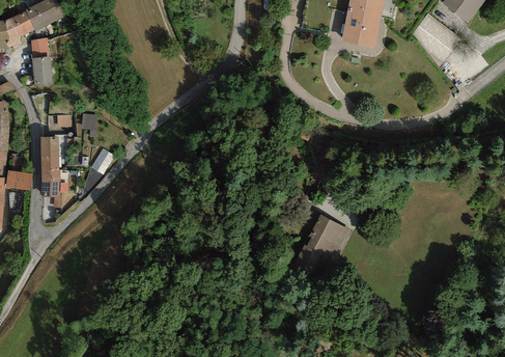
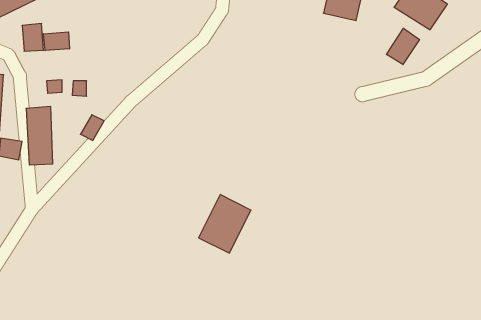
building: none -> [386,28,419,65]
building: none -> [43,32,69,51]
building: [297,215,349,274] -> [199,195,251,253]

